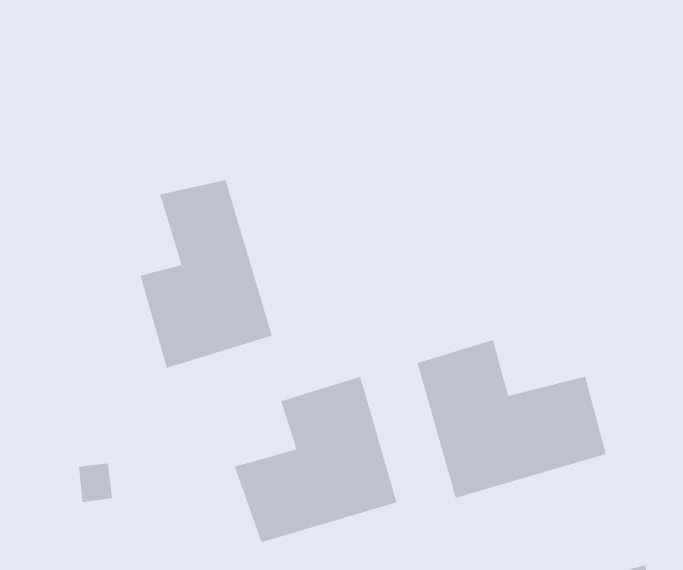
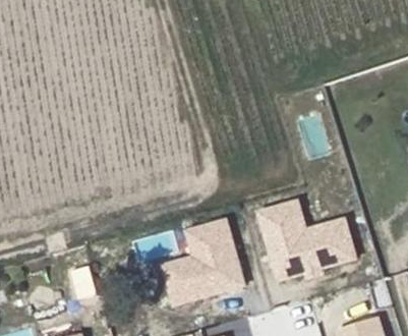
building: [139,179,273,369] -> none

